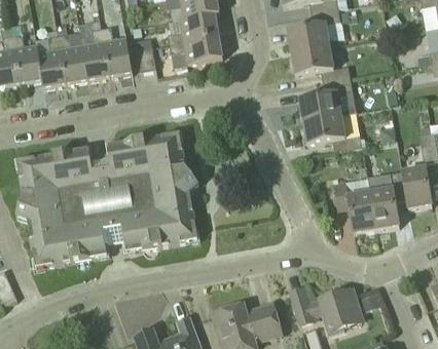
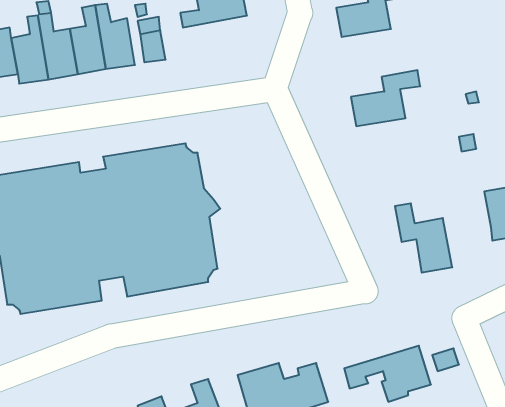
building: [169,34,222,63] -> none
building: [291,44,350,81] -> none
building: [302,113,361,150] -> none
building: [369,169,406,228] -> none

